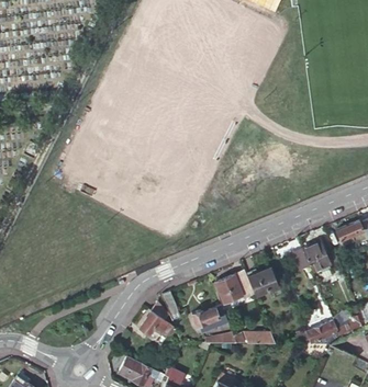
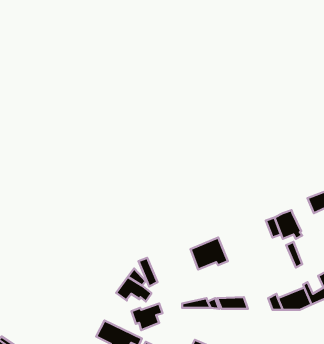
building: [246,266,280,295] -> none
building: [192,305,224,332] -> [132,304,162,330]

